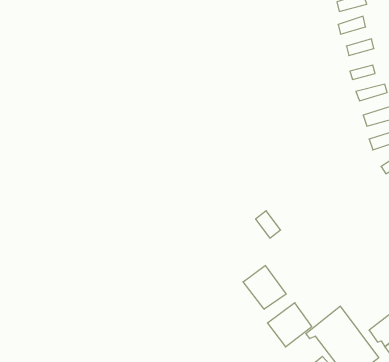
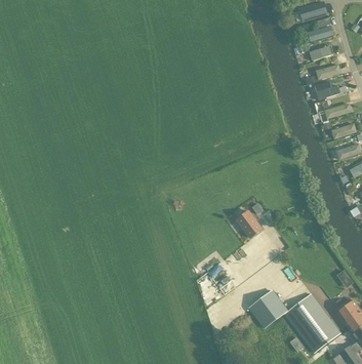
building: [243,265,286,309] -> none

